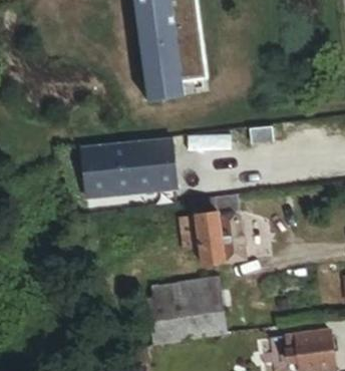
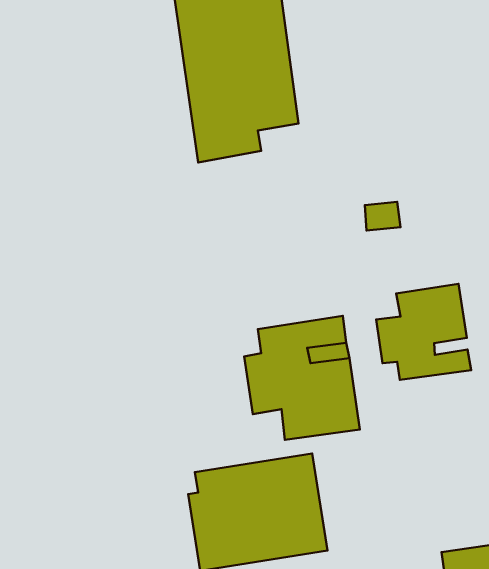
building: [79,136,176,200] -> none
building: none -> [376,284,471,380]

